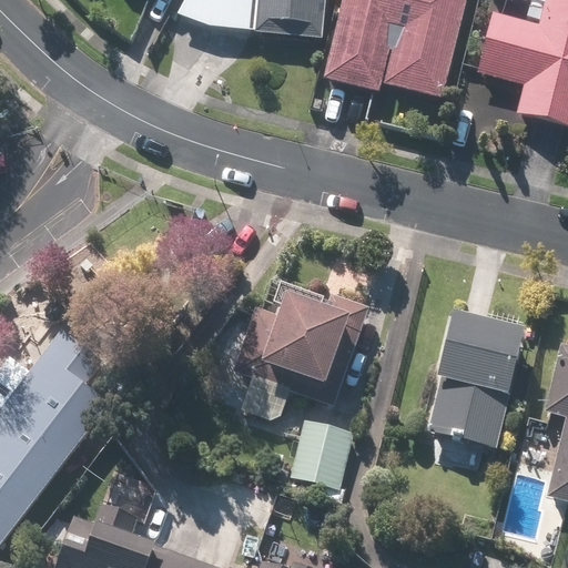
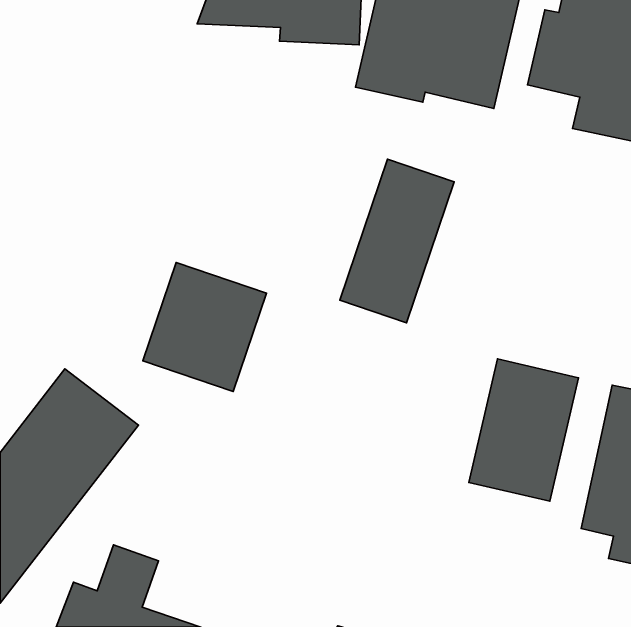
building: none -> [340,159,454,323]
building: none -> [143,262,266,391]
building: [231,274,371,488] -> none

